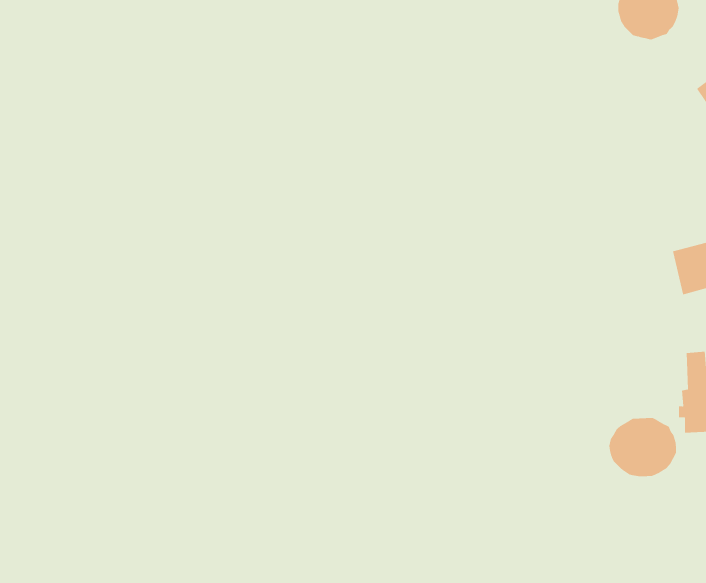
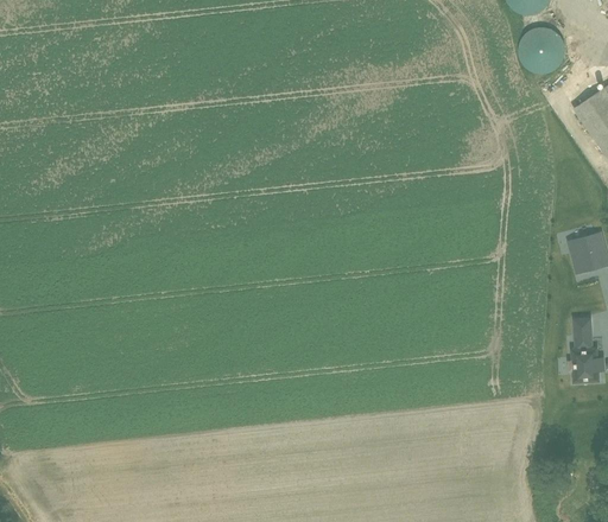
building: [609,417,676,477] -> none

